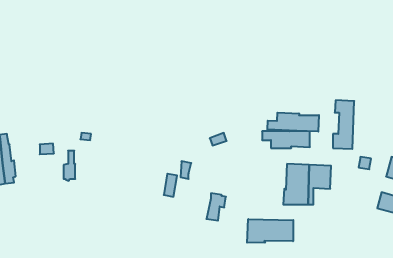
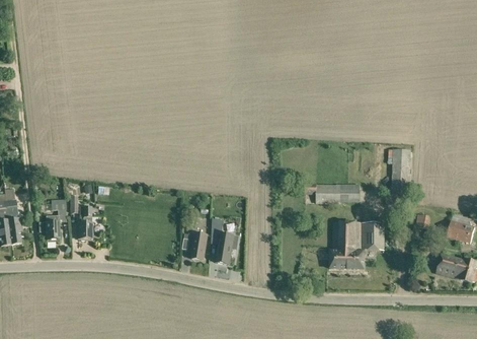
building: [267,113,319,132] -> none
building: none -> [39,215,60,242]
building: [206,193,226,221] -> [216,232,238,264]
building: [247,219,293,243] -> none

